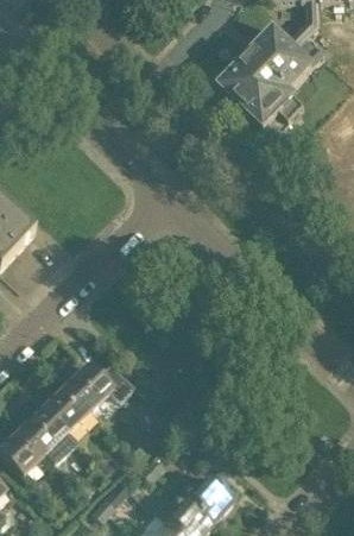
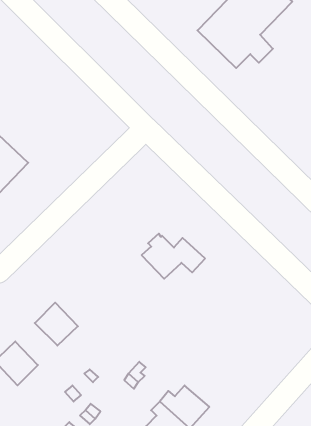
building: [64,358,134,408] -> [142,234,205,279]
building: [20,404,77,461] -> none

